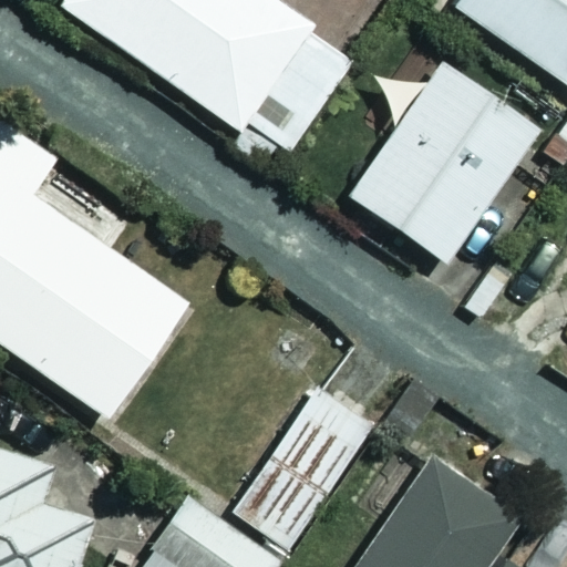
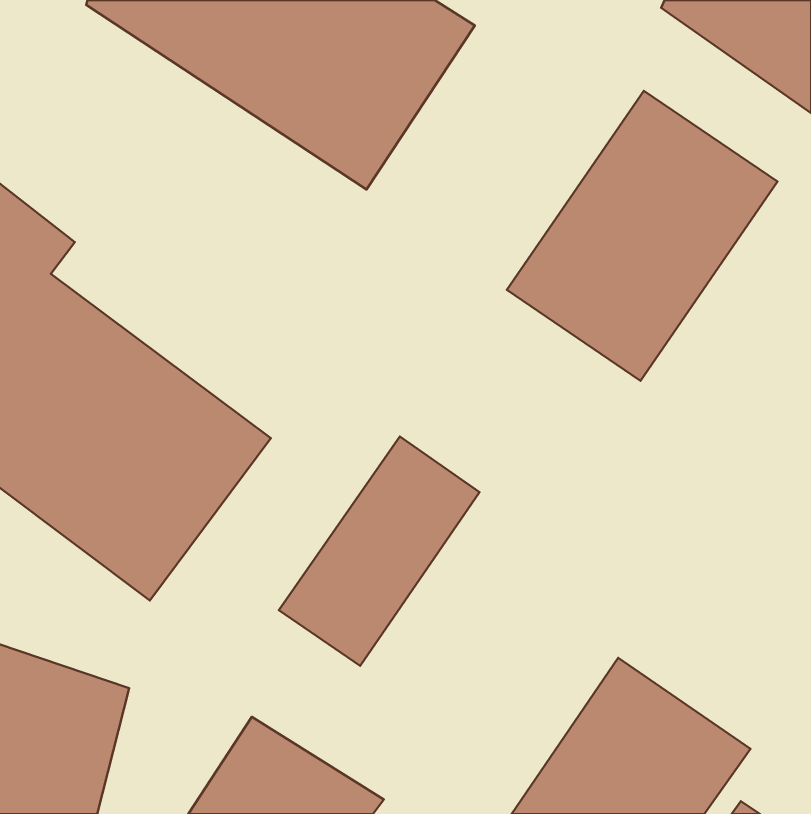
building: [235,391,374,550] -> [279,436,480,666]

